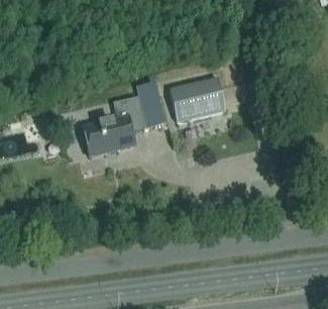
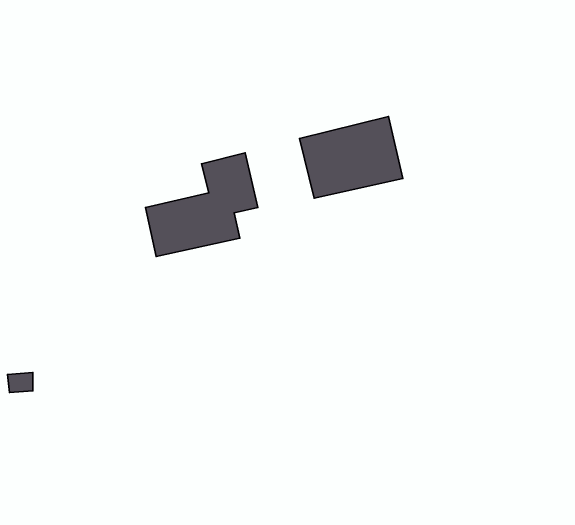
building: [137,84,162,127] -> none

